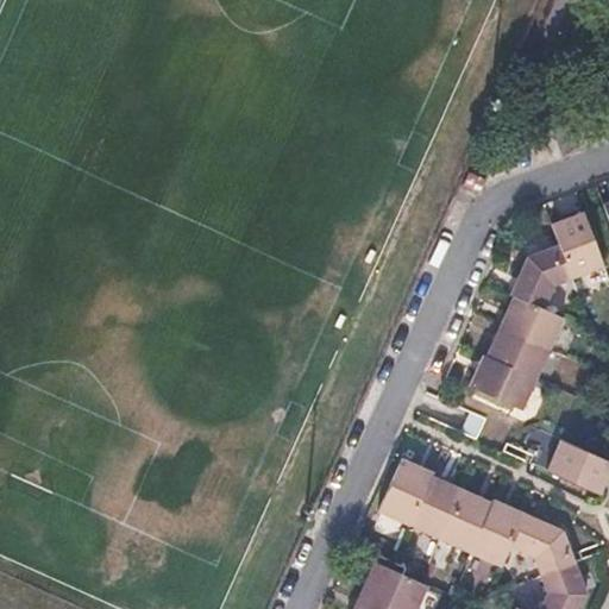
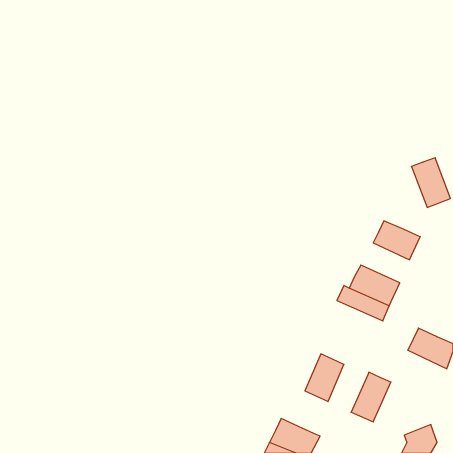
building: [510,249,561,308] -> none
building: [486,326,550,379] -> none
building: [373,456,432,525] -> none
building: [440,489,494,553] -> none
building: [509,513,572,569] -> none

